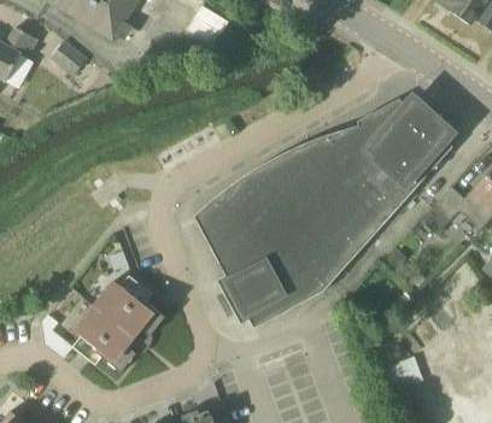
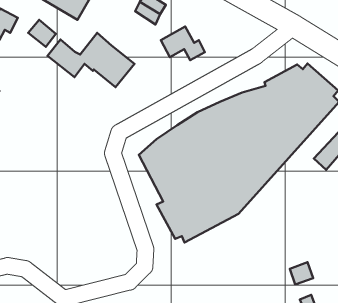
building: none -> [161,26,205,60]
building: none -> [48,33,134,87]
building: [72,275,165,371] -> none

